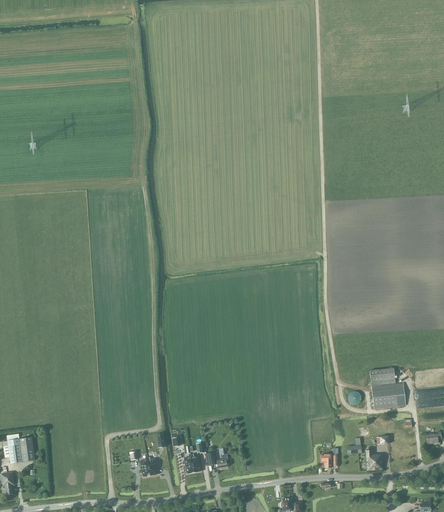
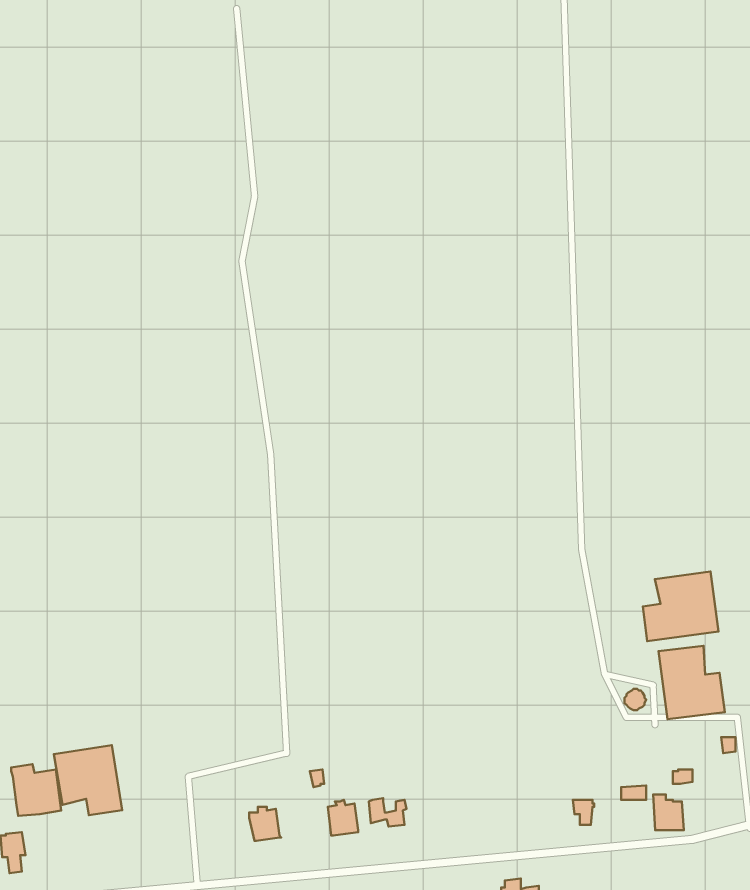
building: none -> [643,571,719,641]
building: none -> [54,745,122,815]

